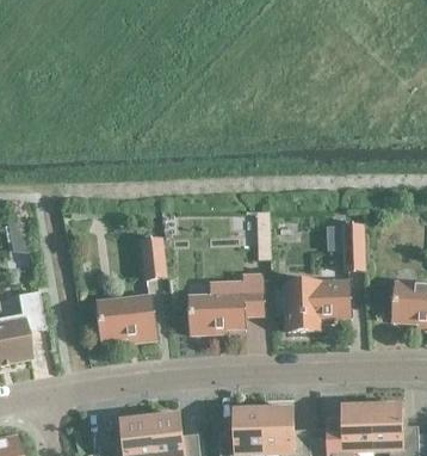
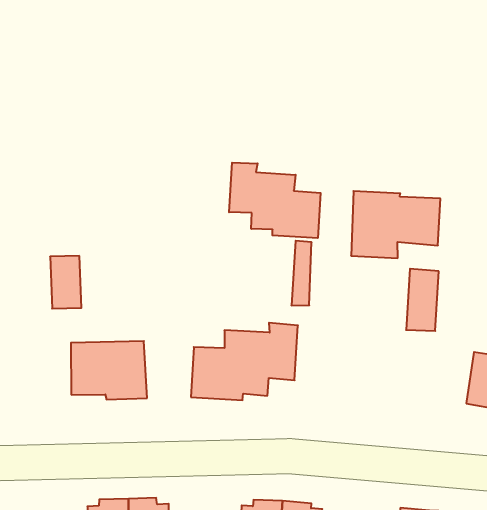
building: none -> [229,163,321,238]
building: [140,238,166,278] -> [50,256,81,309]
building: [284,281,349,329] -> [351,191,440,258]

